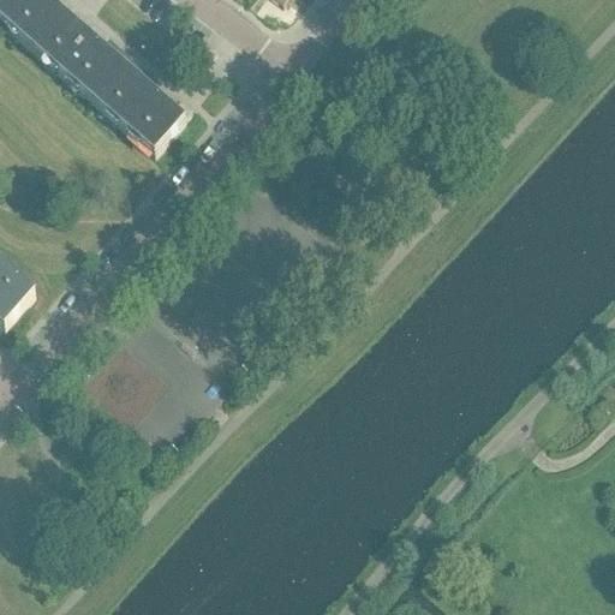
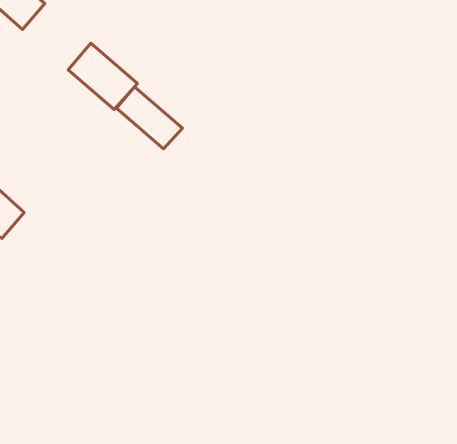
building: [30,5,121,94] -> none
building: none -> [117,87,182,149]

